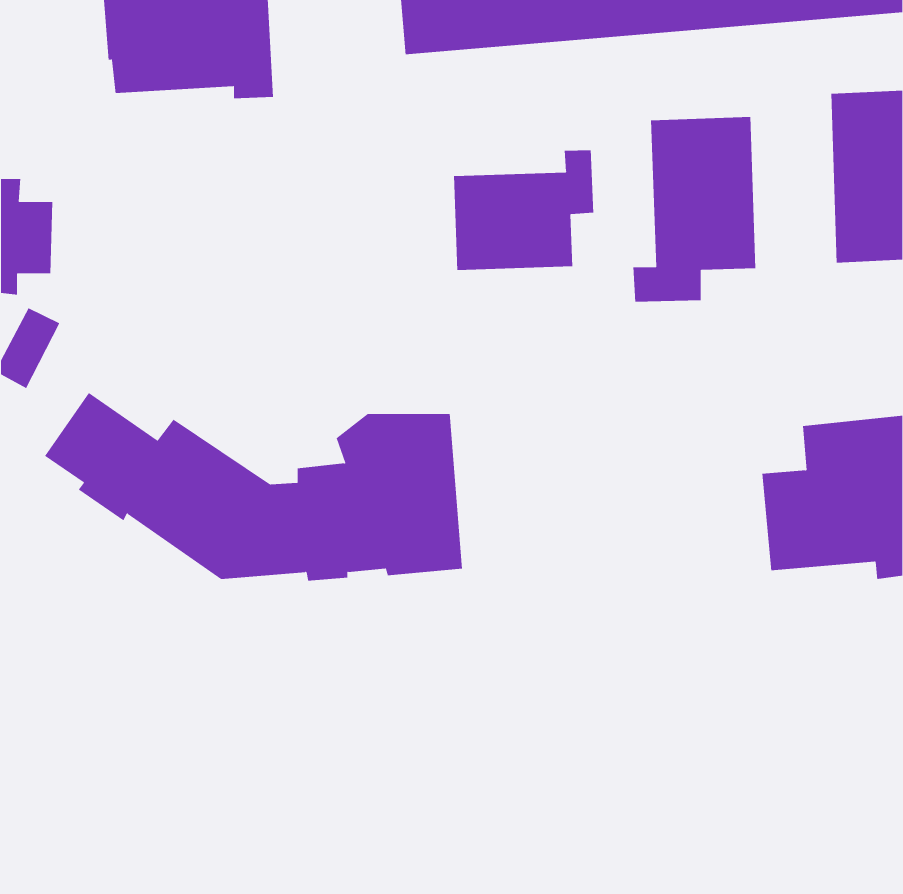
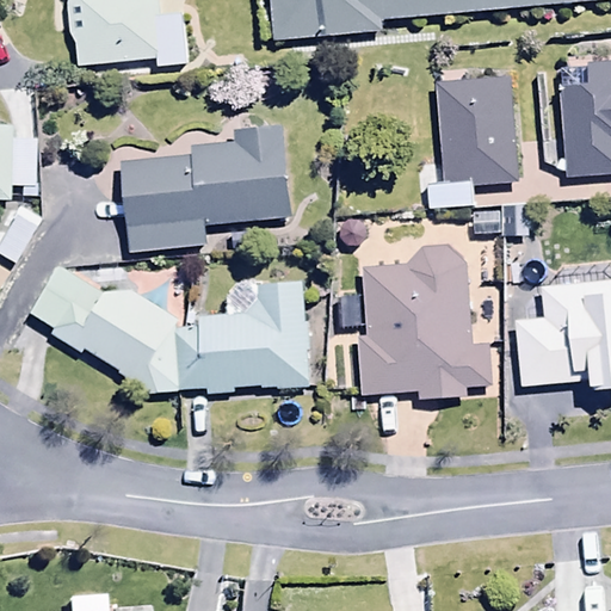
building: [454,150,594,271] -> none
building: none -> [122,121,291,249]
building: none -> [357,243,488,399]

